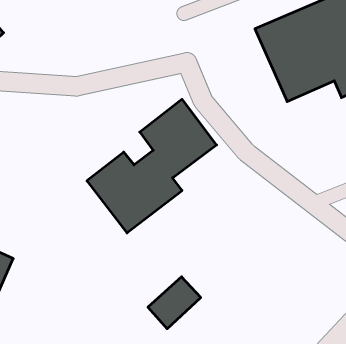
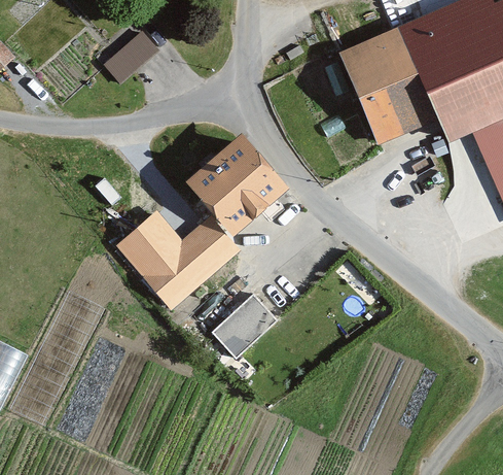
building: none -> [102,30,158,84]
building: [148,277,201,329] -> [212,287,280,354]

